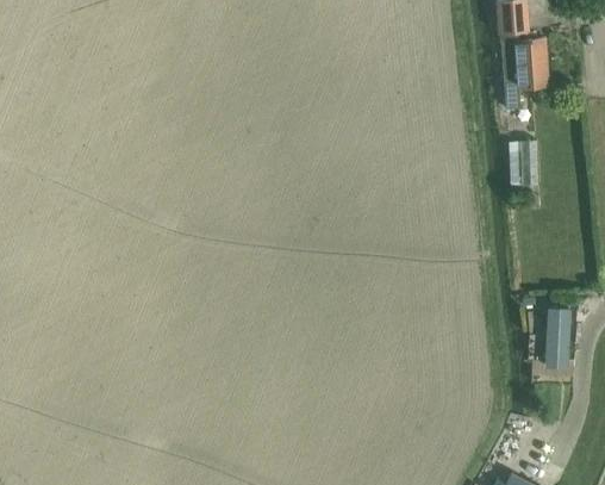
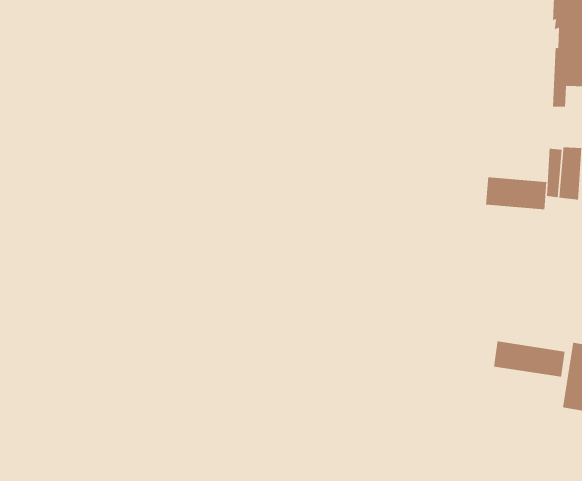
building: none -> [486,176,547,210]
building: none -> [493,341,565,378]

